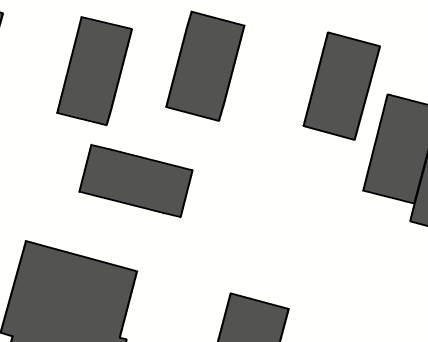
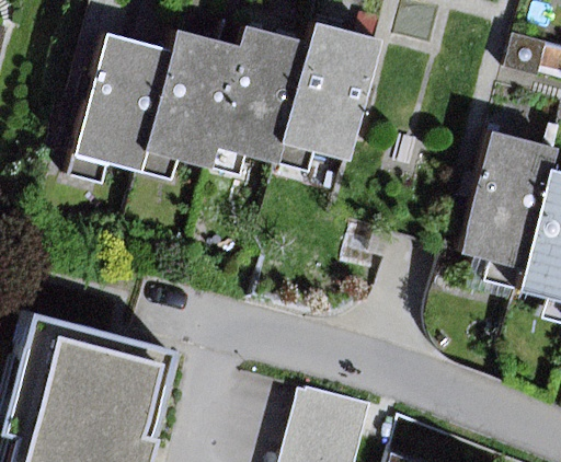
building: none -> [146,33,241,170]
building: [303,33,380,140] -> [288,26,385,161]
building: [79,145,192,217] -> none

